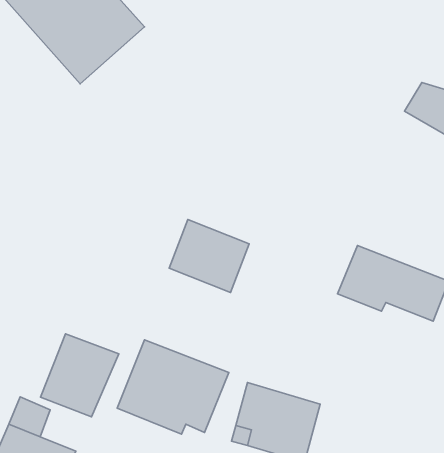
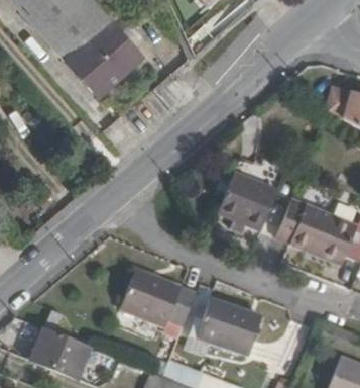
building: [169,220,249,292] -> [216,180,272,231]
building: [40,334,119,417] -> none

